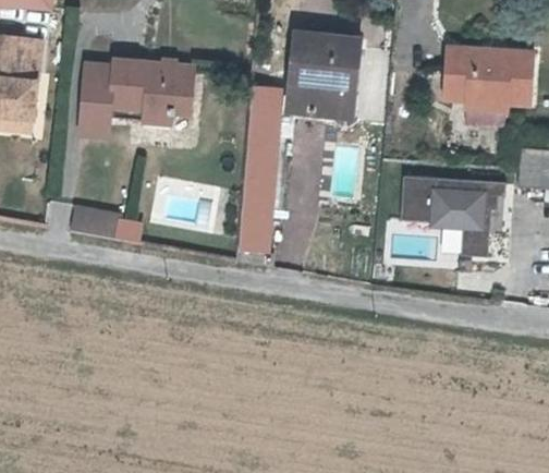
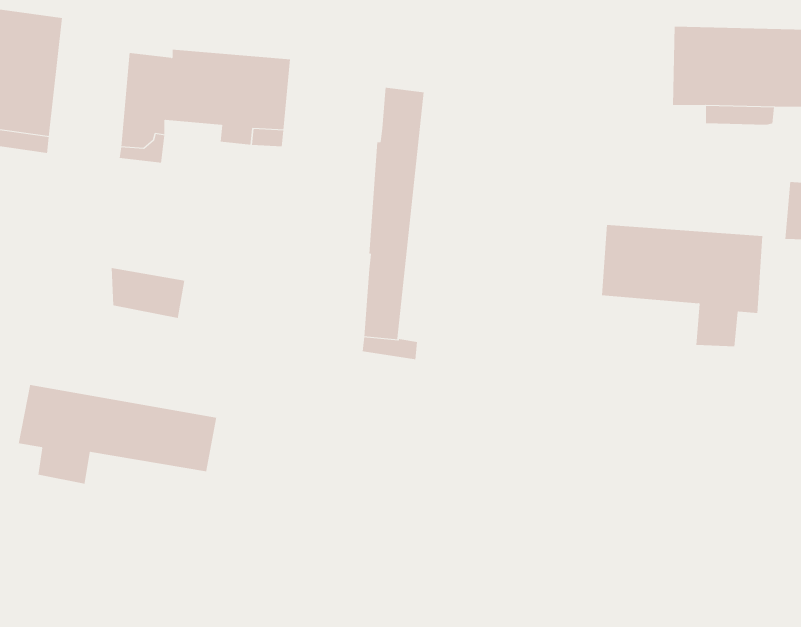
building: [291,36,356,118] -> none
building: none -> [18,384,217,484]

